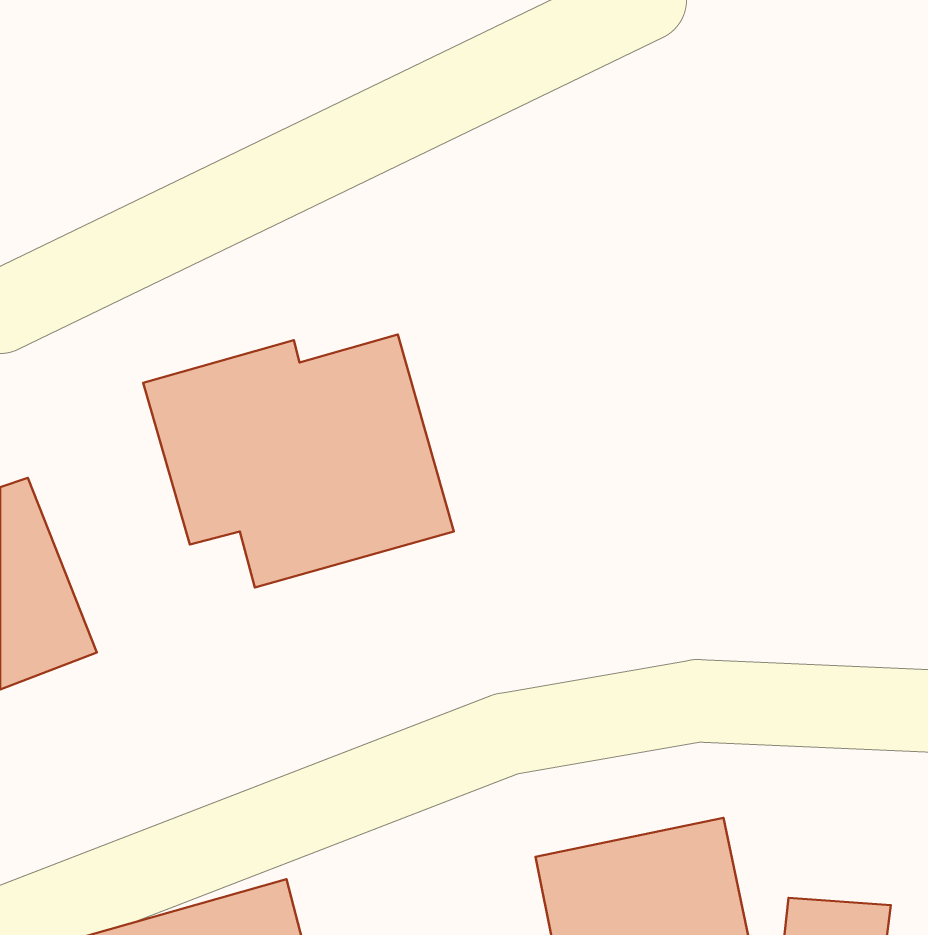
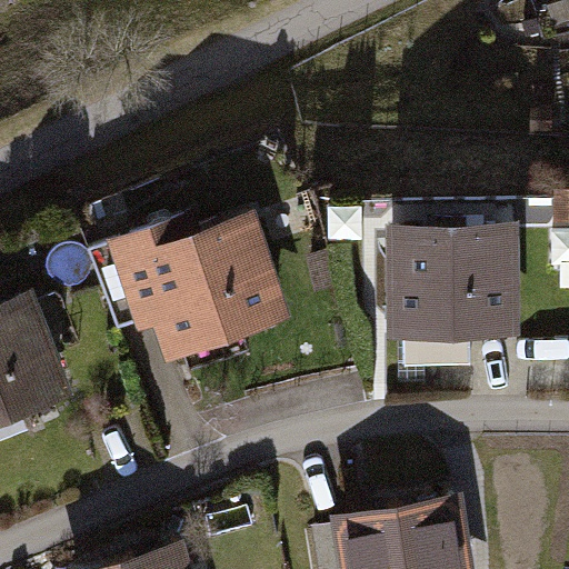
building: none -> [382,223,522,343]

